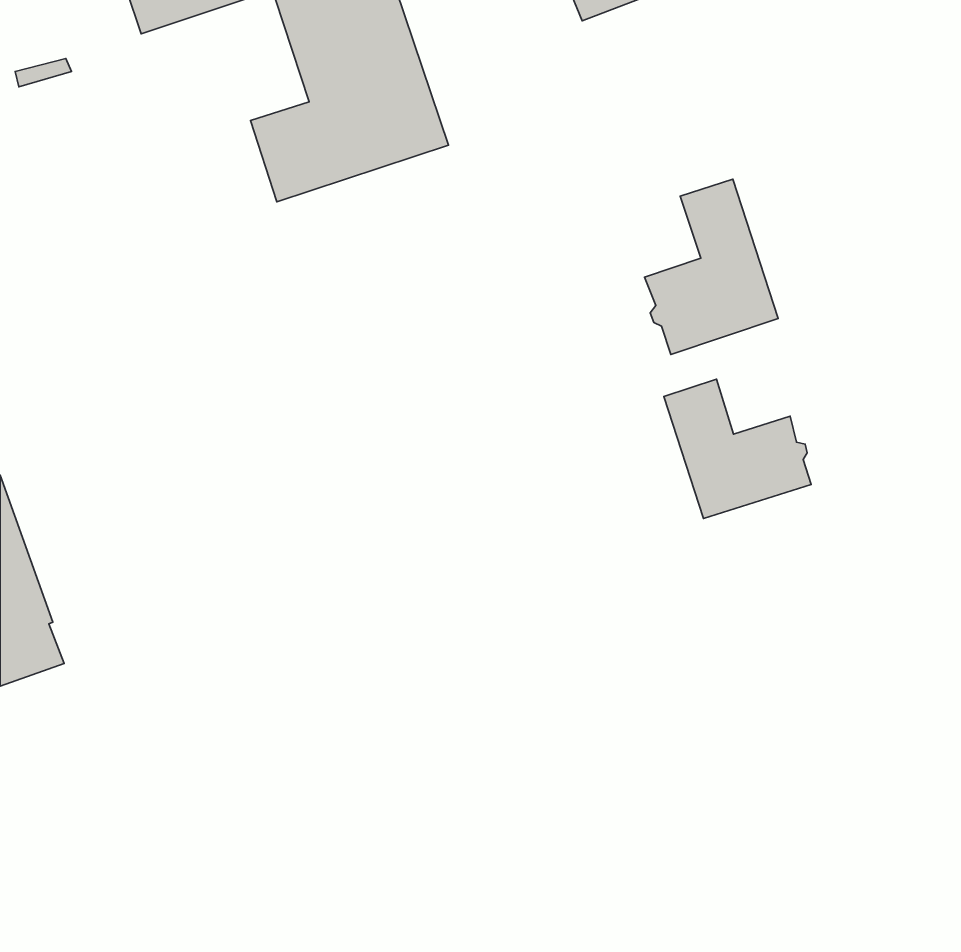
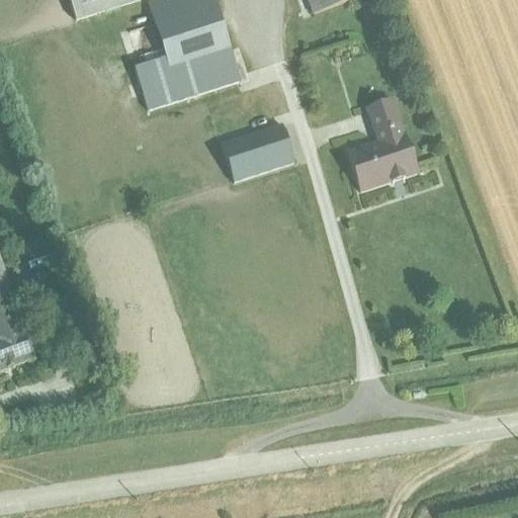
building: none -> [222,120,295,180]
building: [664,379,811,519] -> none

